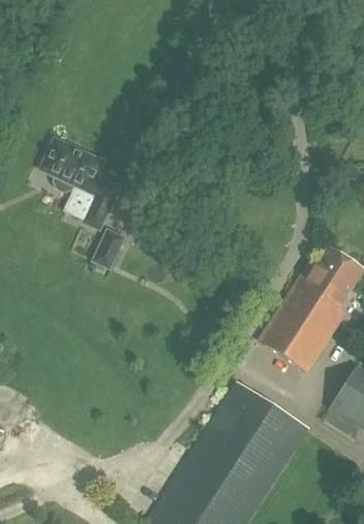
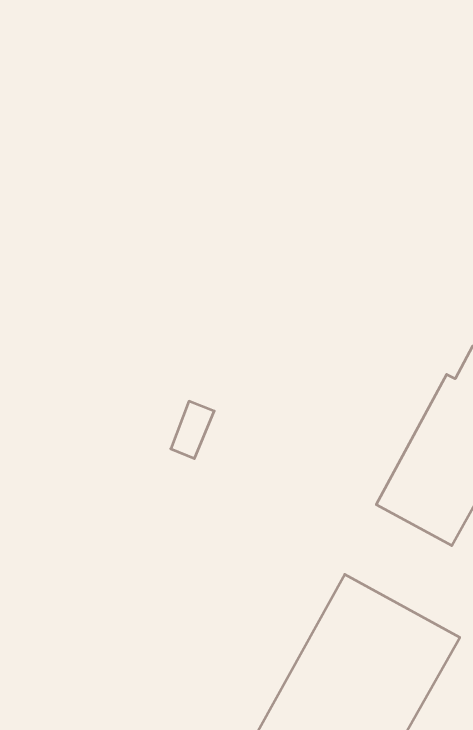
building: [39,139,117,228] -> none
building: [94,228,123,264] -> [171,401,214,459]

